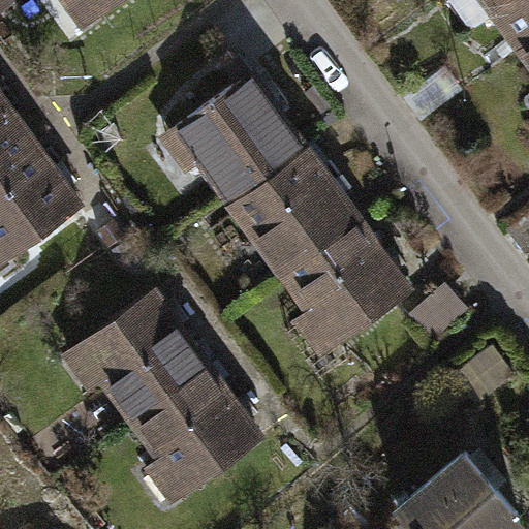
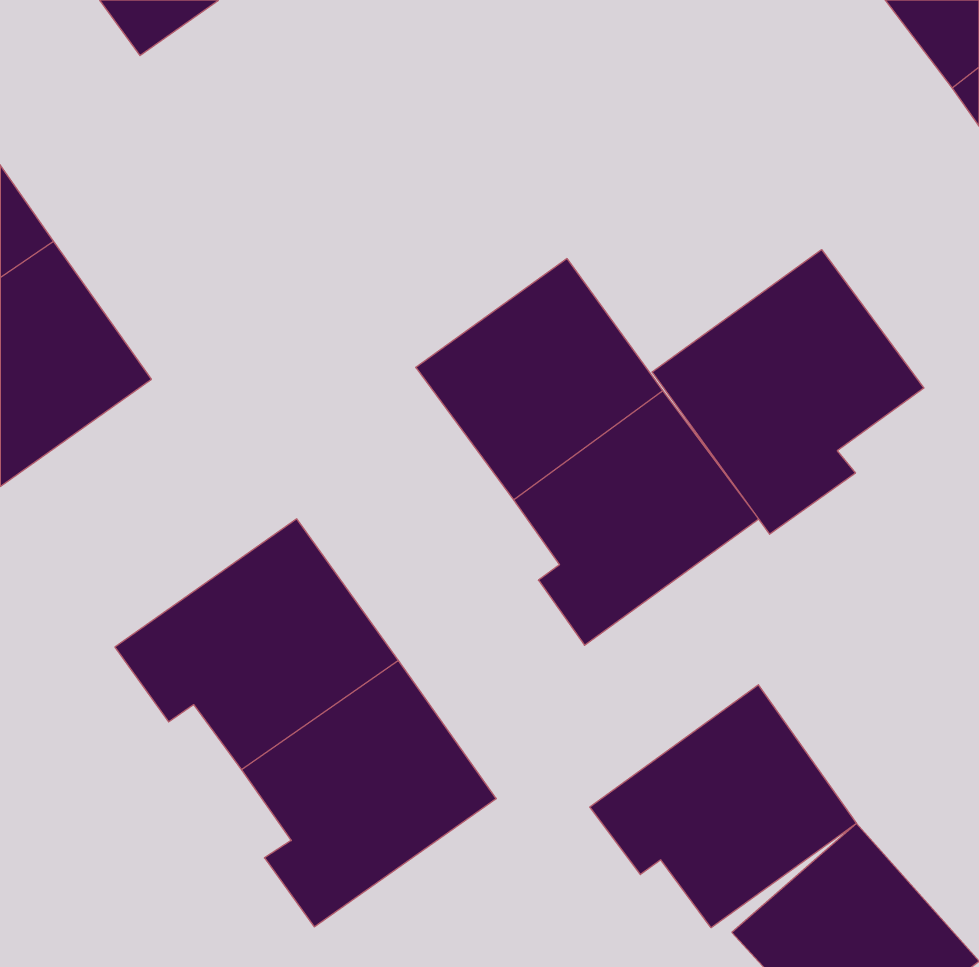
building: [160,72,306,205] -> none
building: none -> [652,250,924,534]
building: none -> [590,685,856,928]

